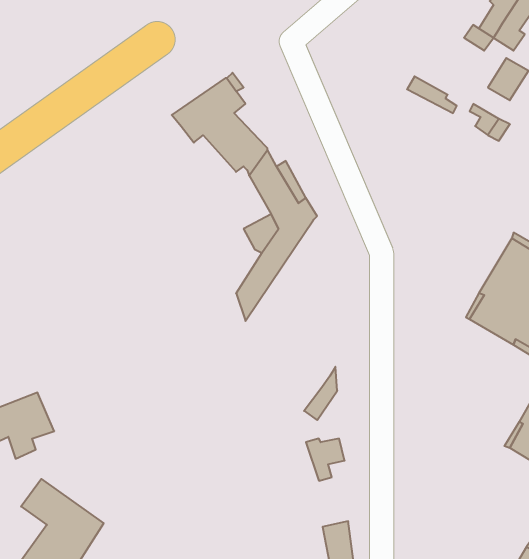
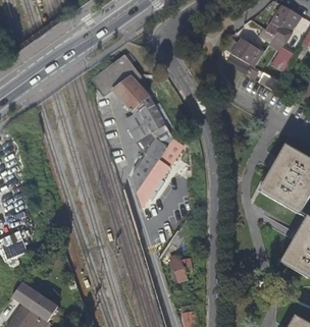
building: none -> [230,40,264,67]
building: none -> [124,112,151,142]
building: none -> [137,134,180,213]

